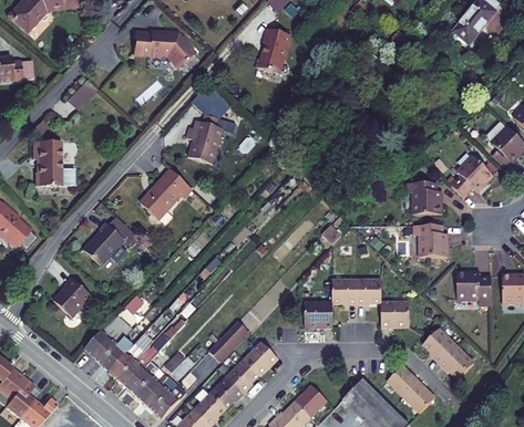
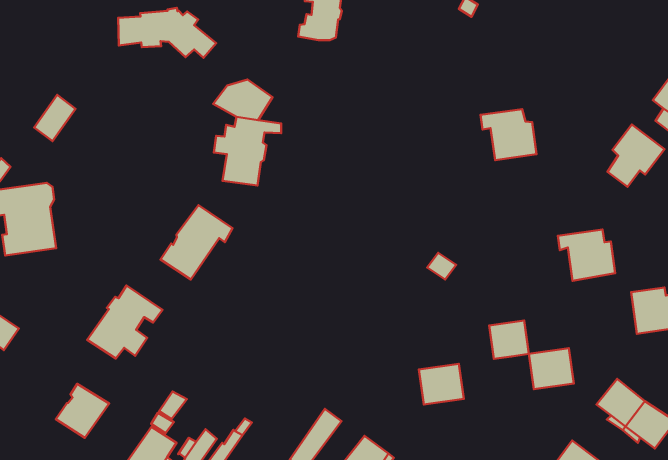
building: [407,181,441,214] -> [481,109,537,160]
building: [332,279,357,302] -> none

